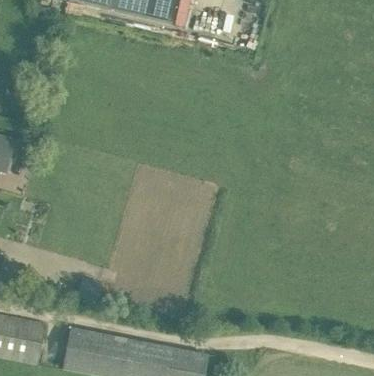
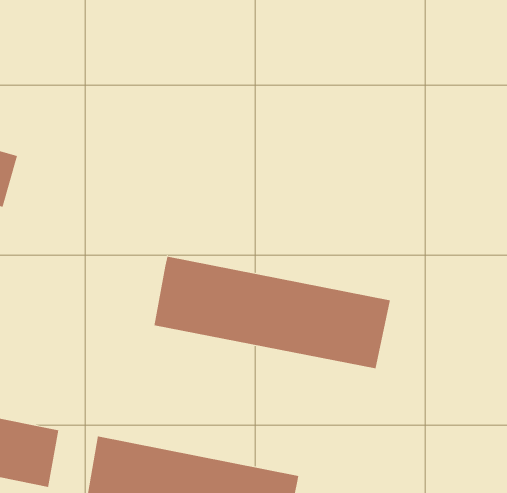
building: none -> [154,256,391,369]

